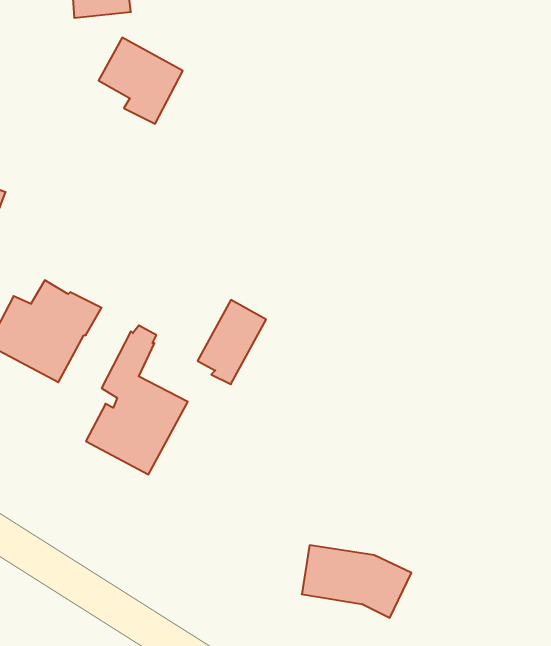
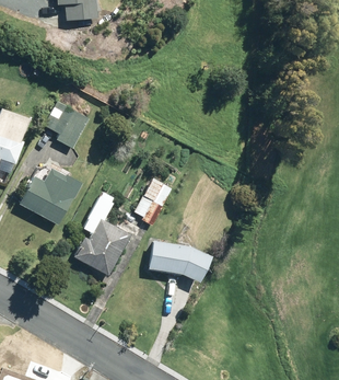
building: [99,38,183,124] -> [40,100,87,148]
building: [302,545,411,618] -> [145,240,207,280]

